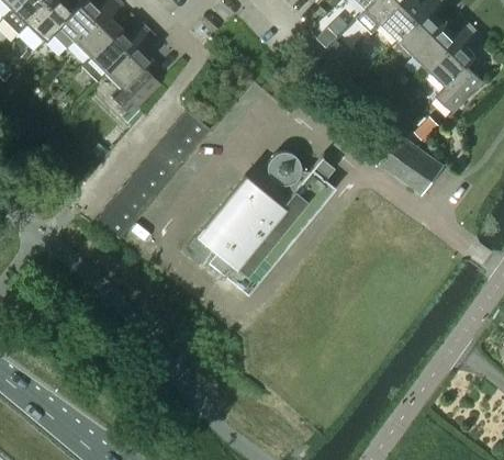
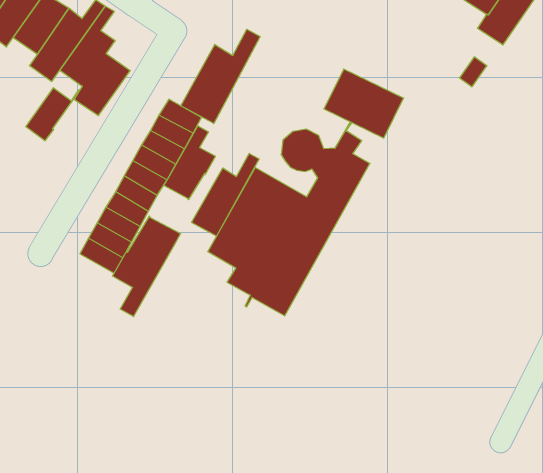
building: none -> [181,29,260,124]
building: none -> [26,88,80,141]
building: [380,136,444,195] -> [324,69,404,138]
building: none -> [164,126,215,200]
building: none -> [192,153,259,236]
building: none -> [113,216,181,317]

